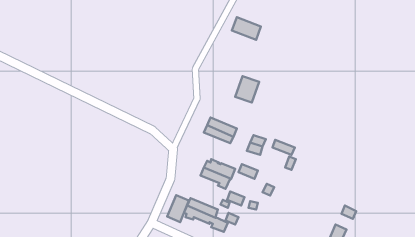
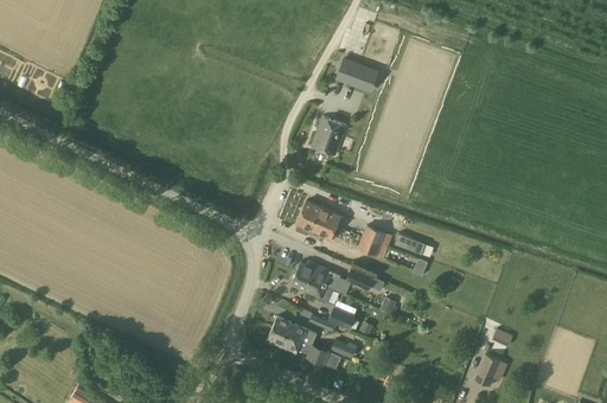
building: [235,76,259,103] -> [312,117,346,155]
building: [167,195,189,222] -> none

